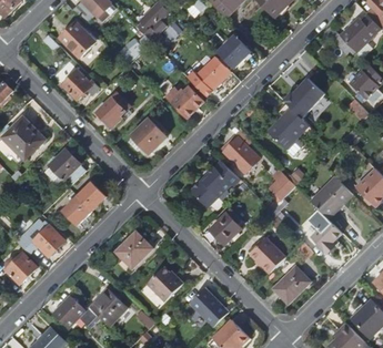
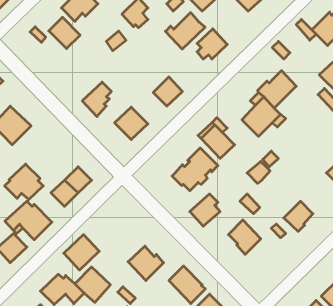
building: [190,57,232,95] -> [165,13,205,49]
building: [61,68,100,98] -> none
building: [43,146,84,184] -> [5,164,43,200]
building: [312,177,353,216] -> none
building: [115,231,153,268] -> [64,235,99,270]
building: [273,265,311,303] -> none

